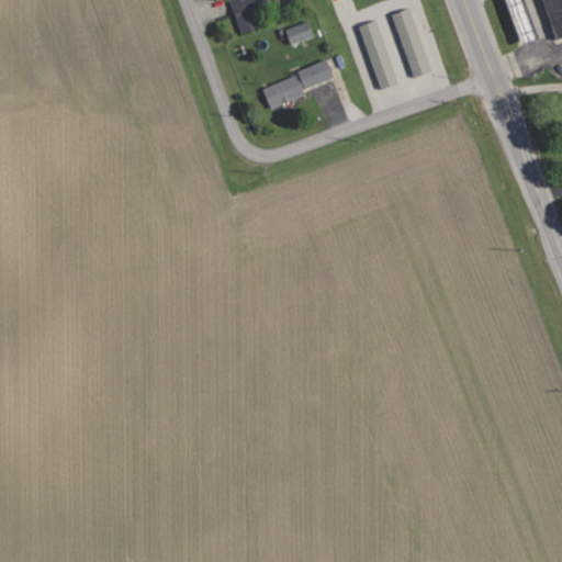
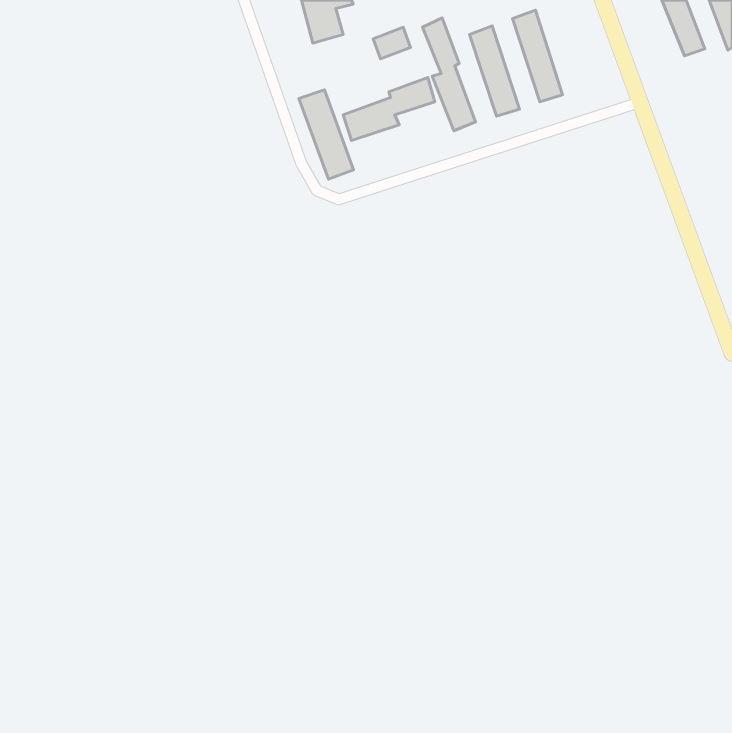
building: none -> [422,18,476,131]
building: none -> [299,90,354,179]

